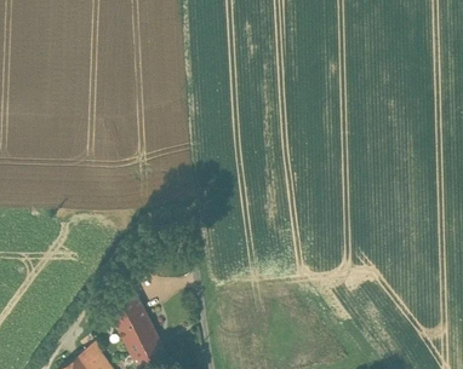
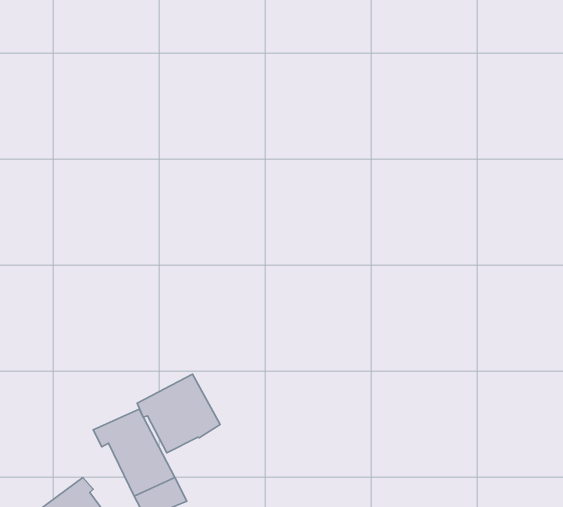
building: none -> [137,374,220,453]

